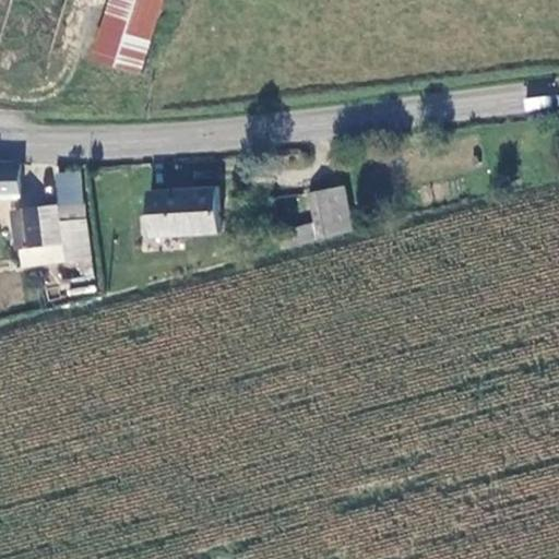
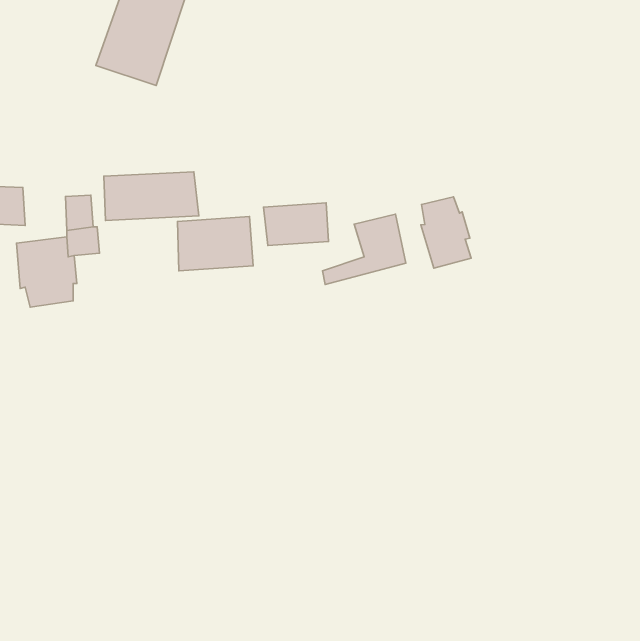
building: none -> [104,172,199,221]
building: none -> [421,197,471,268]
building: none -> [263,203,328,246]

